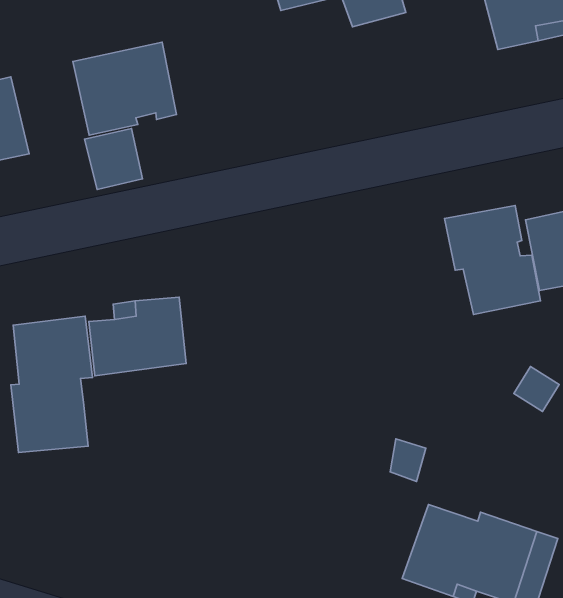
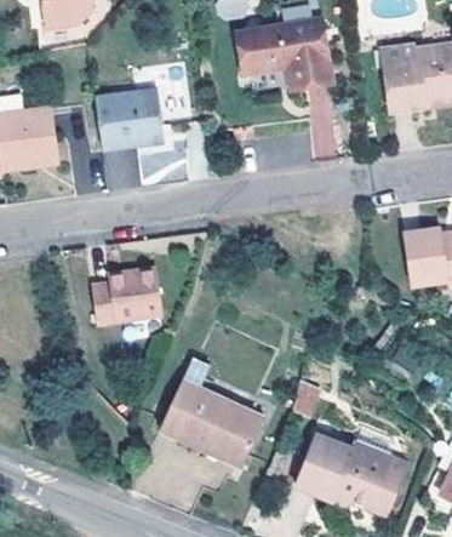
building: [445,206,540,314] -> none
building: [11,316,93,452] -> none
building: none -> [159,355,265,465]

